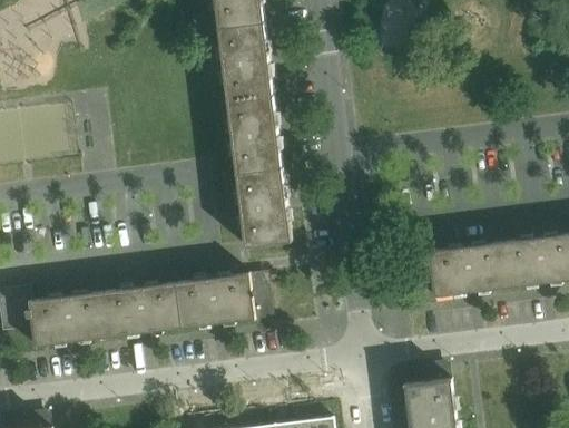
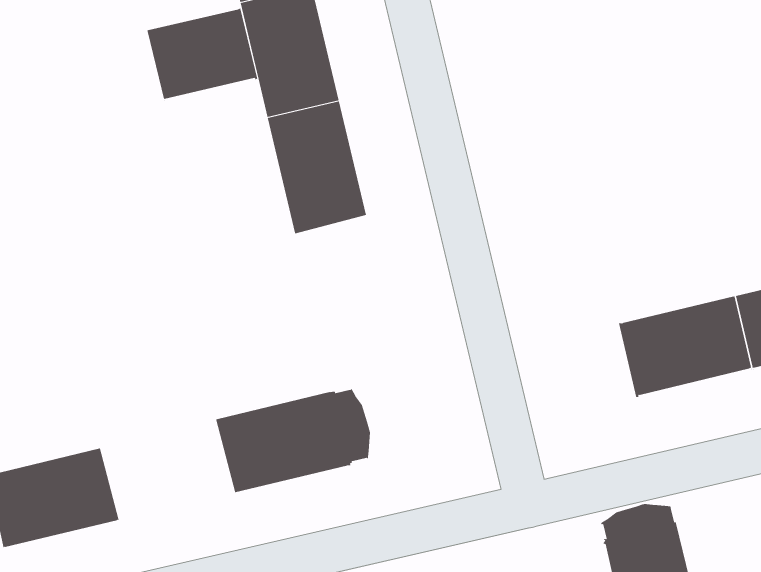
building: none -> [147,8,258,102]
building: [235,167,291,247] -> none
building: [101,282,180,338] -> none

